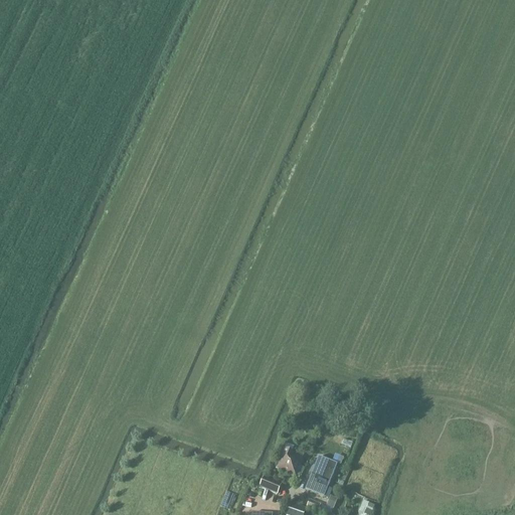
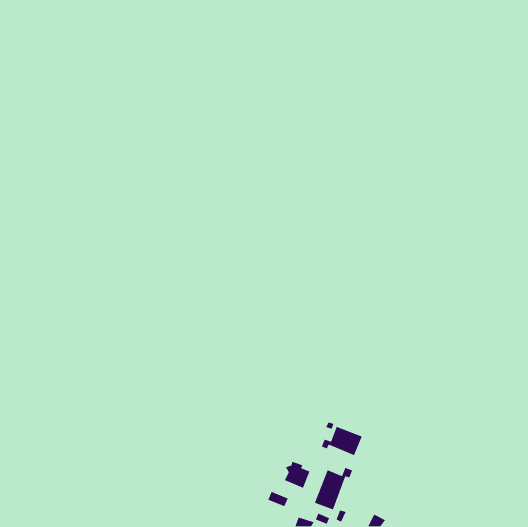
building: none -> [321,426,363,456]

